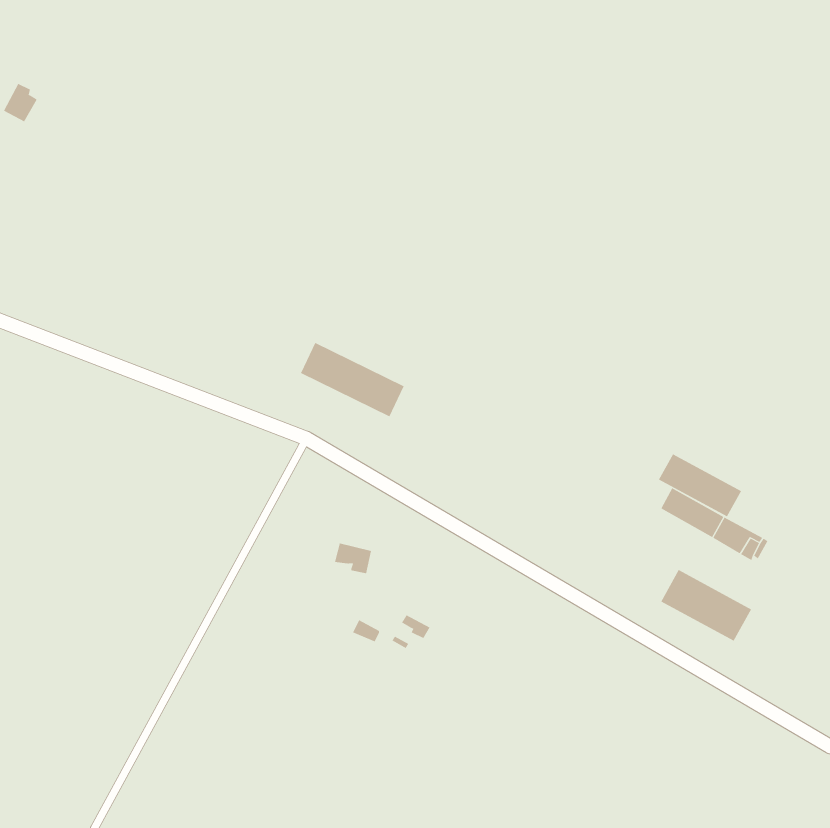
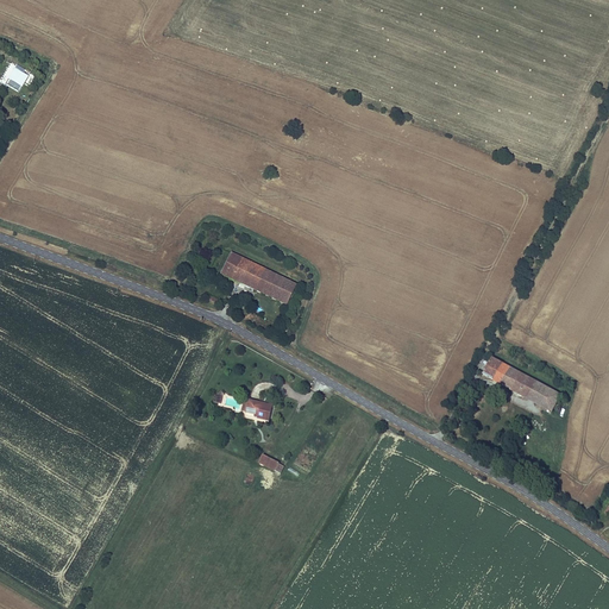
building: [658,454,742,517] -> none
building: [660,569,752,642] -> none

